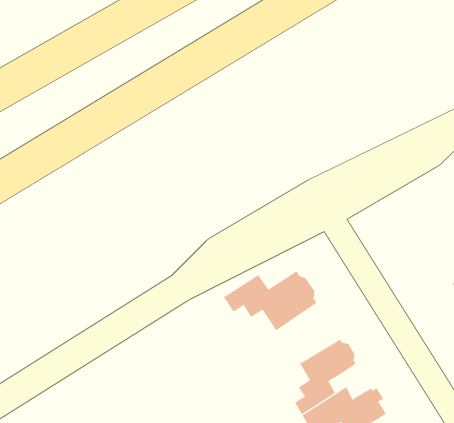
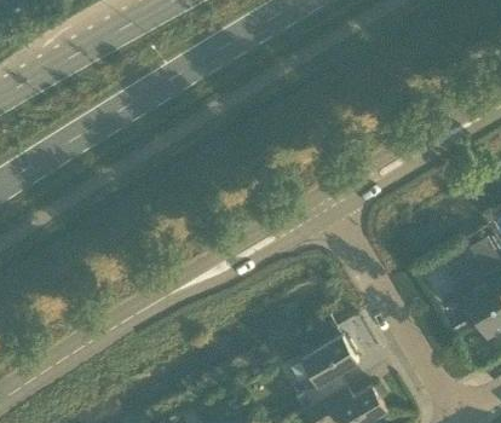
building: [223,267,317,331] -> none

